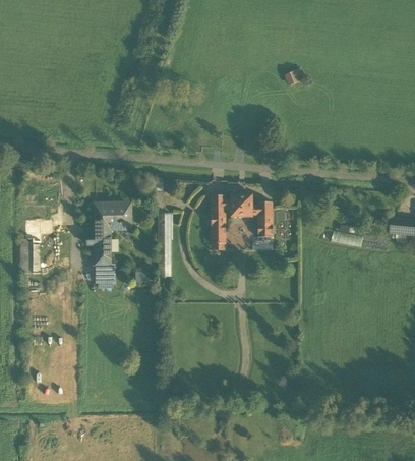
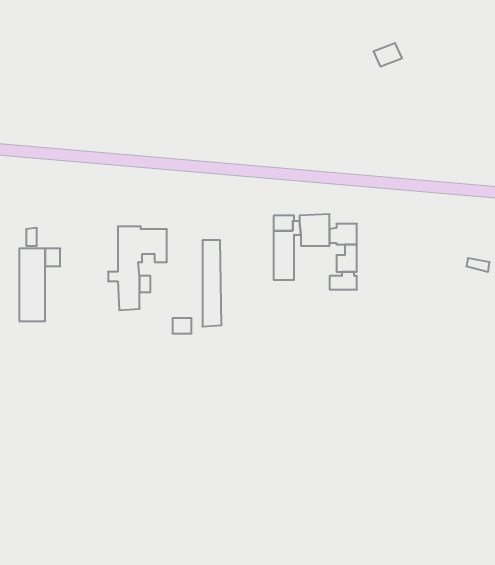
building: [95,263,115,282] -> none

